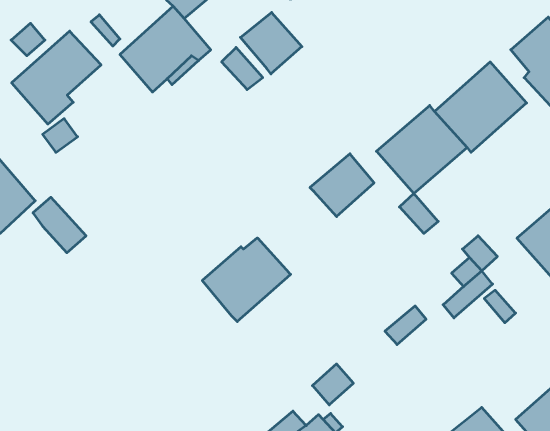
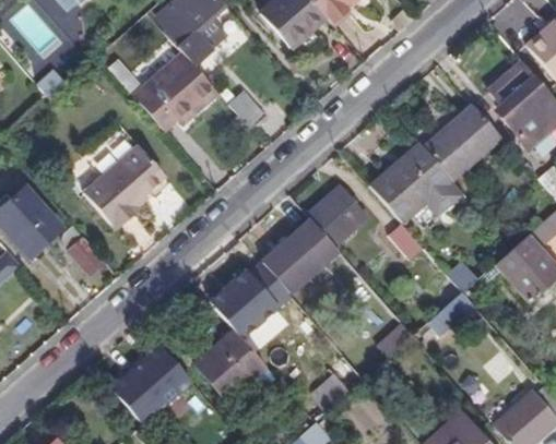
building: [240,12,302,74] -> none
building: [12,31,101,124] -> [85,143,166,227]
building: none -> [261,219,339,293]
building: none -> [199,332,281,400]
building: none -> [113,344,193,423]

